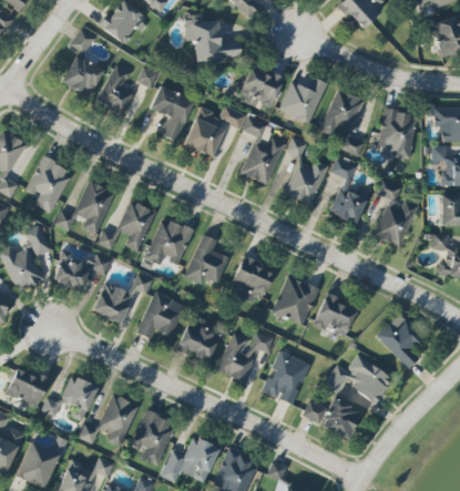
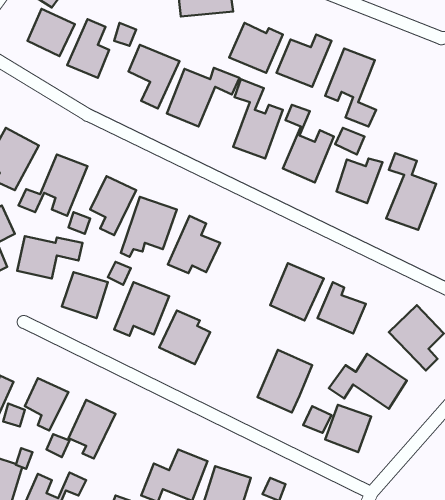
building: [378,110,416,158] -> none
building: [228,257,273,301] -> none
building: [217,330,274,382] -> none
building: [132,411,175,466] -> none

